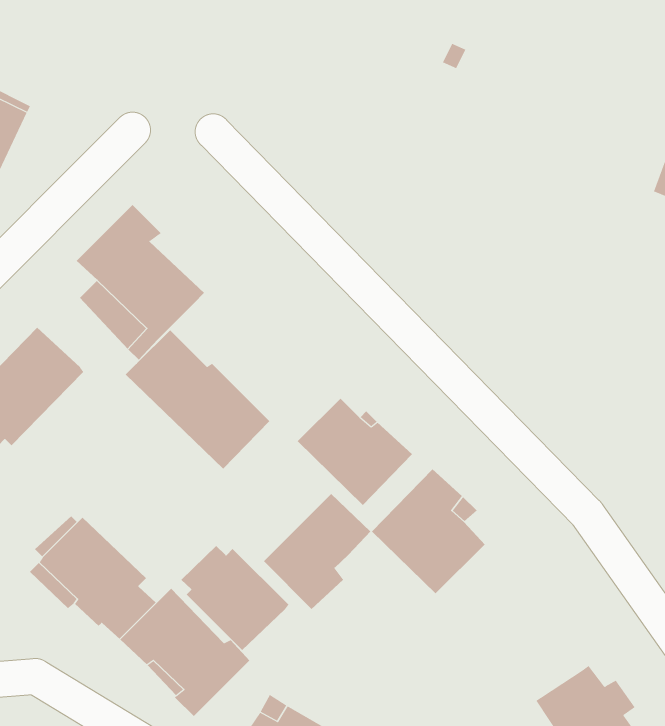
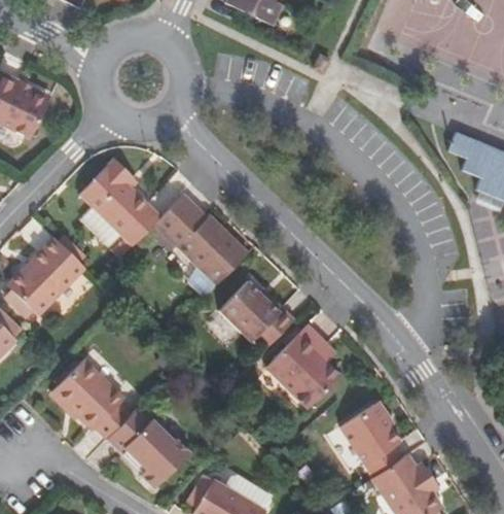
building: [125,329,270,470] -> [154,195,247,284]
building: [263,493,371,610] -> none
building: [181,545,289,651] -> none
building: none -> [344,403,403,475]

